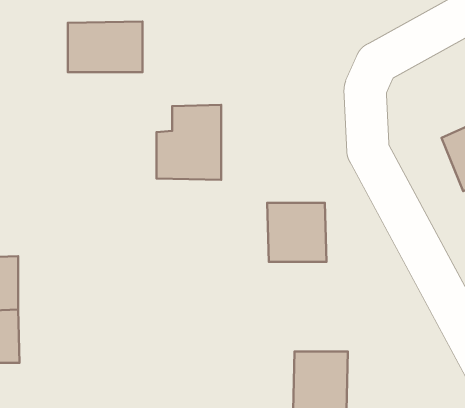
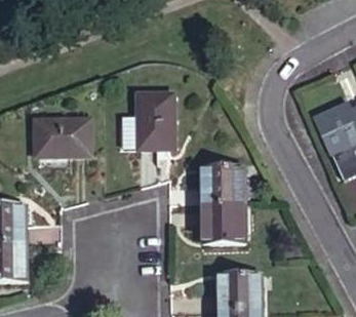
building: [68,22,143,72] -> [29,118,82,154]
building: none -> [199,206,240,238]

